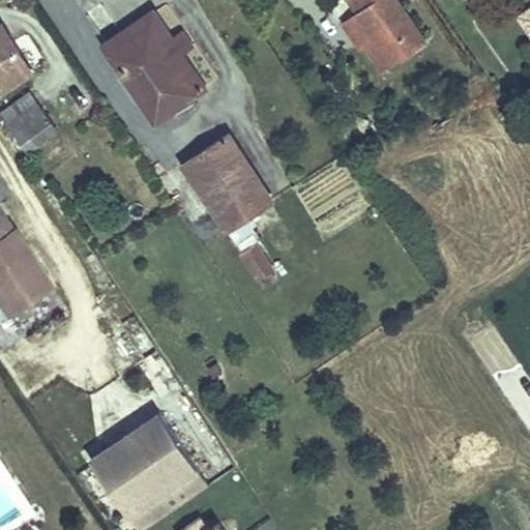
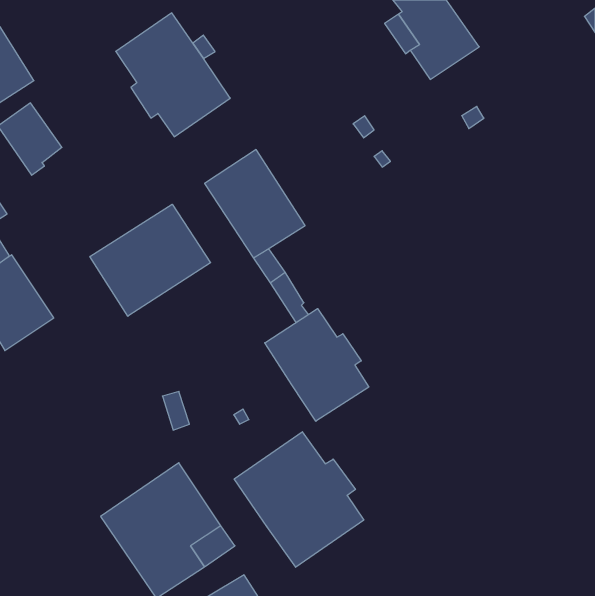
building: none -> [90,204,211,316]
building: none -> [265,309,369,421]
building: none -> [234,432,364,567]

